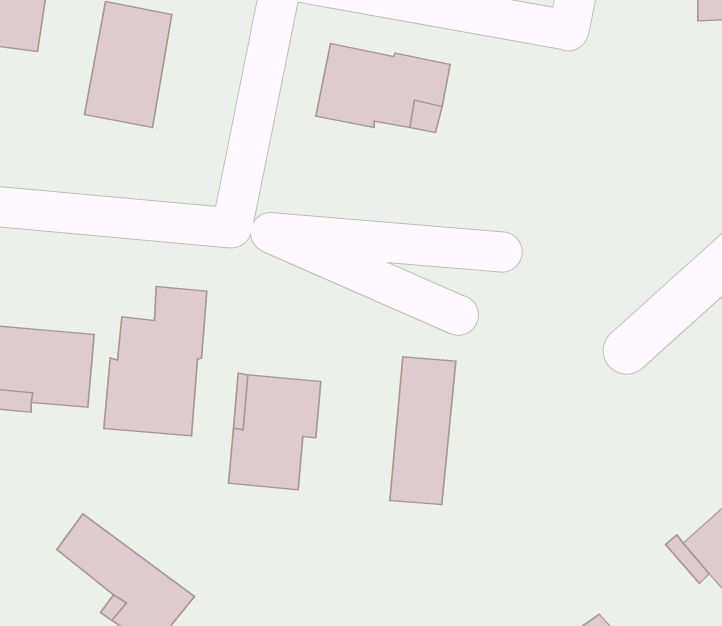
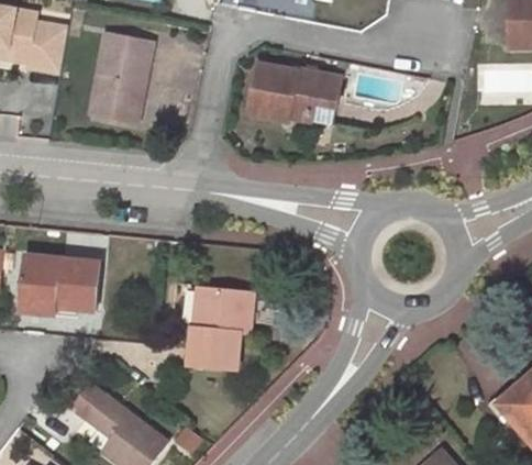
building: [104,287,207,436] -> none
building: [390,357,456,504] -> none

